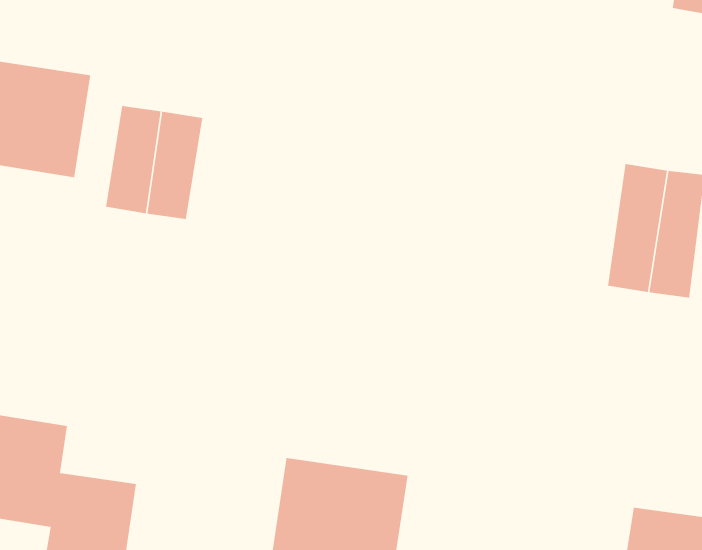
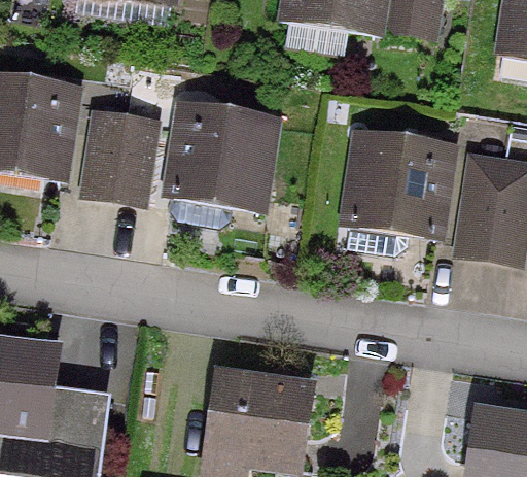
building: none -> [168,109,268,227]
building: none -> [343,137,445,253]

